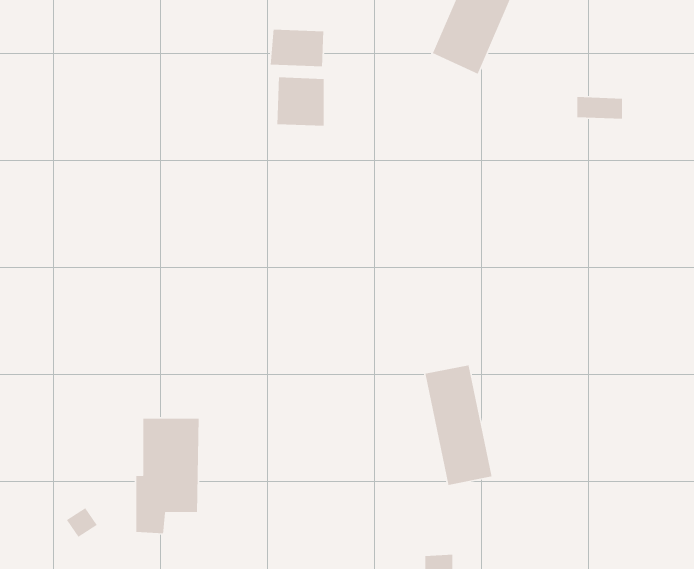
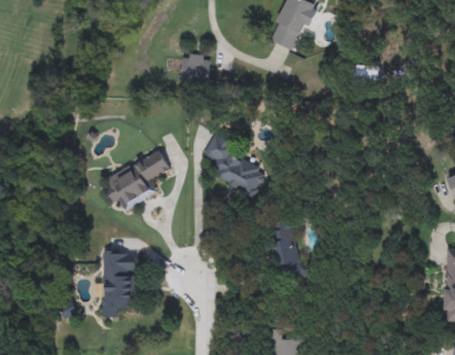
building: [270,29,324,67] -> none
building: none -> [203,133,267,198]
building: none -> [101,149,171,209]

